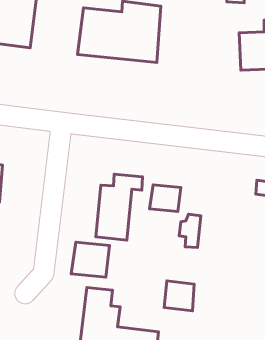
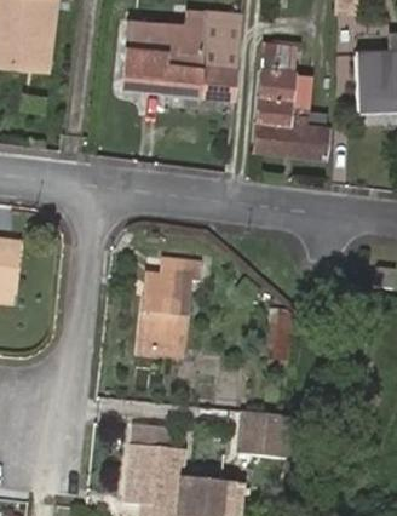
building: none -> [255,39,332,153]
building: [149,185,181,211] -> none
building: [71,242,110,277] -> none

